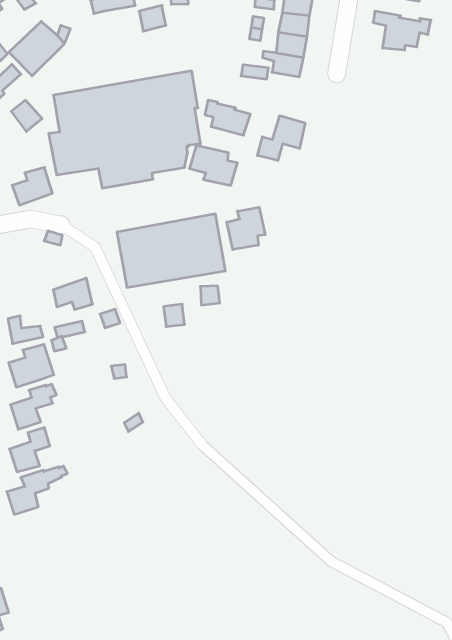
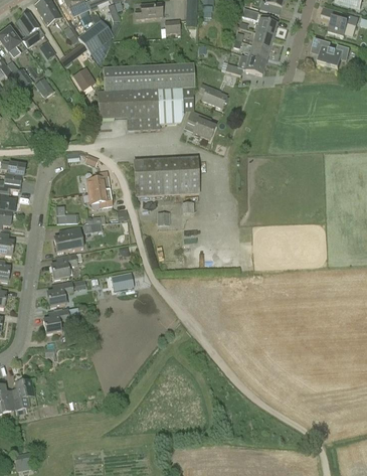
building: [257,116,305,161] -> none
building: [12,167,52,205] -> [84,170,110,192]
building: [227,207,265,250] -> none

